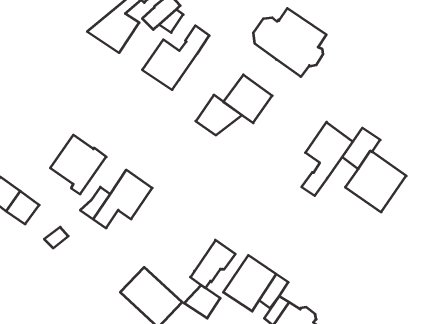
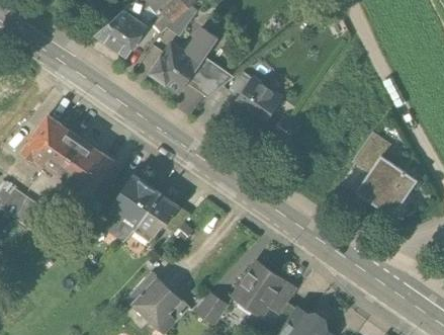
building: [253,8,326,77] -> none
building: [196,95,242,135] -> [187,57,234,97]
building: none -> [22,115,80,172]
building: [302,122,353,196] -> none
building: [190,240,235,288] -> [135,192,180,241]

